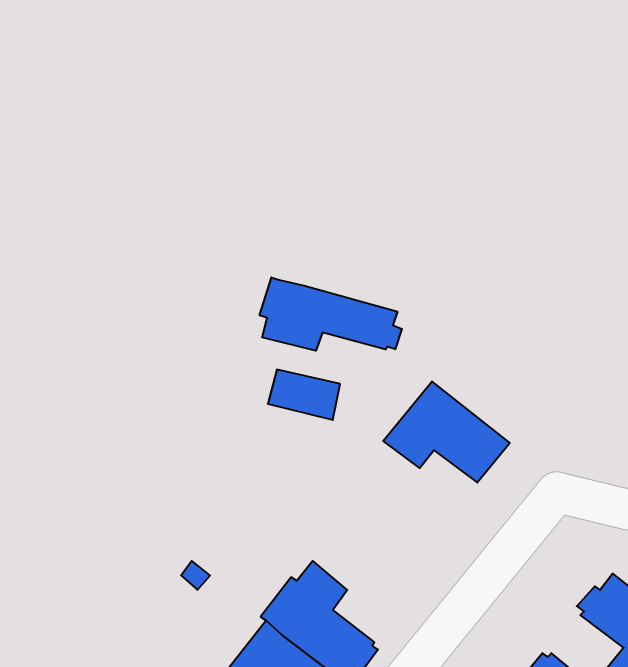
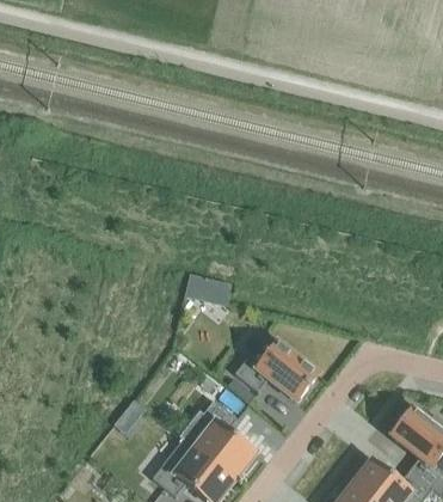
building: [260,277,402,351] -> none
building: [383,381,510,483] -> [235,335,319,402]

